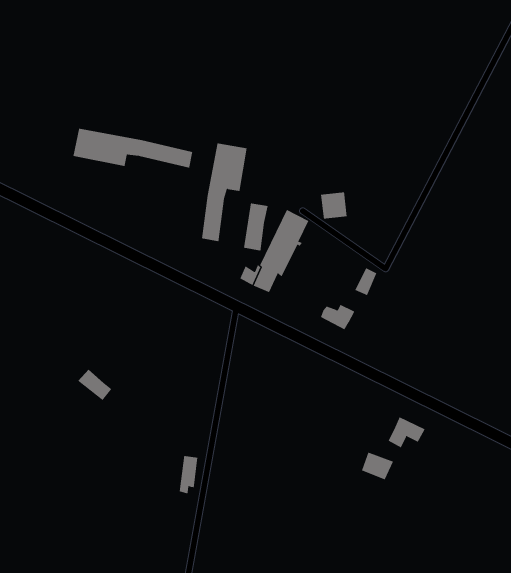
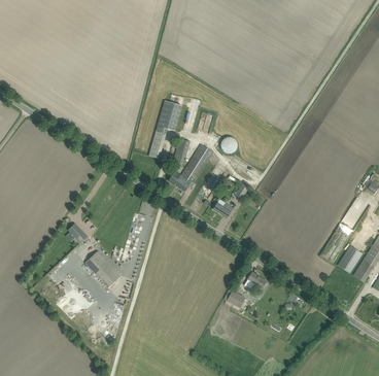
building: [73,128,193,168] -> none
building: none -> [85,250,120,286]

